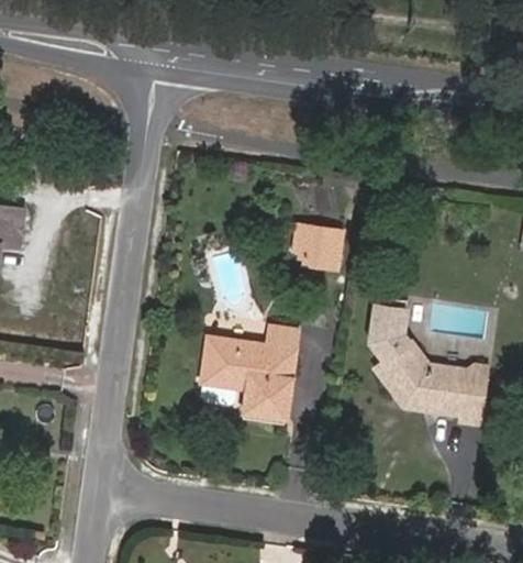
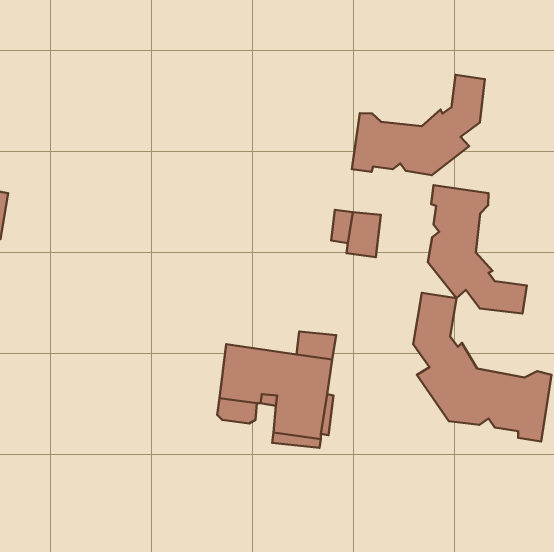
building: none -> [352,75,485,175]
building: none -> [428,185,527,314]

